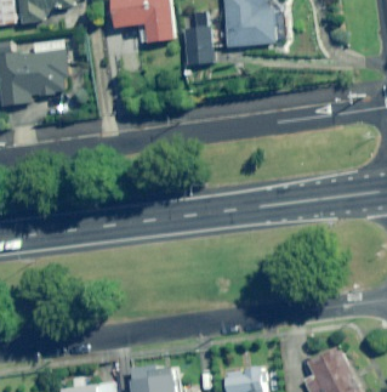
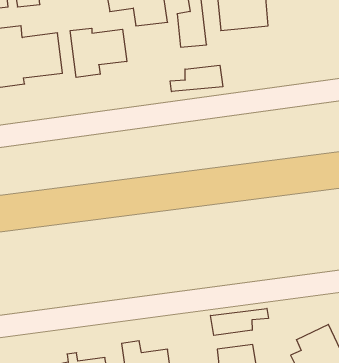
building: none -> [70,28,127,77]
building: none -> [170,65,223,92]
building: none -> [211,308,268,335]

